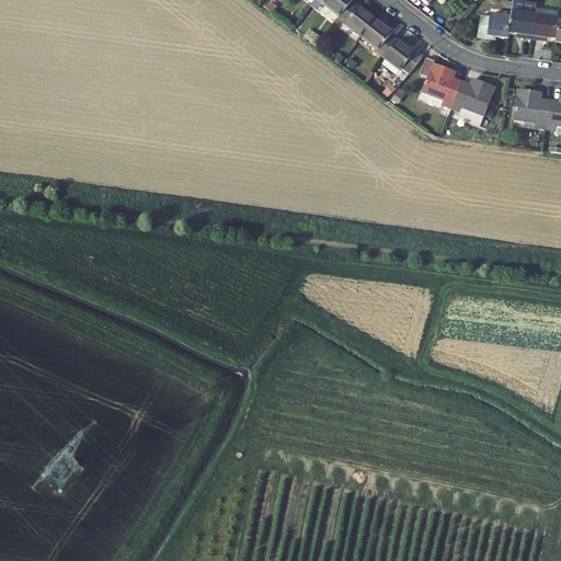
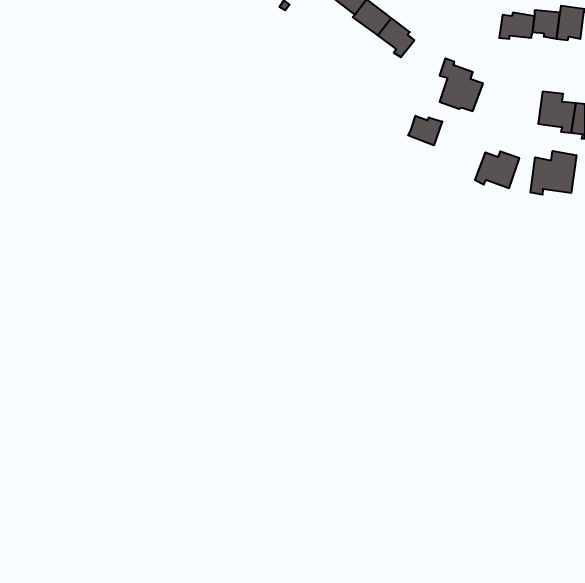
building: [383,38,423,71] -> none
building: [453,79,495,114] -> [475,151,519,188]
building: none -> [408,116,442,145]
building: none -> [531,151,576,195]

